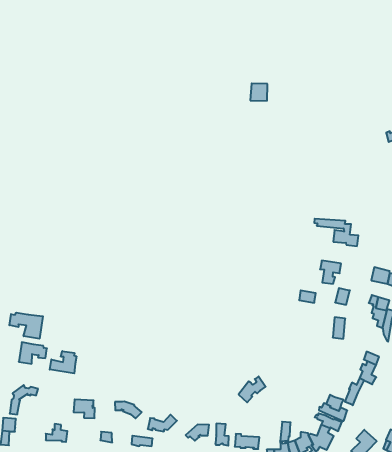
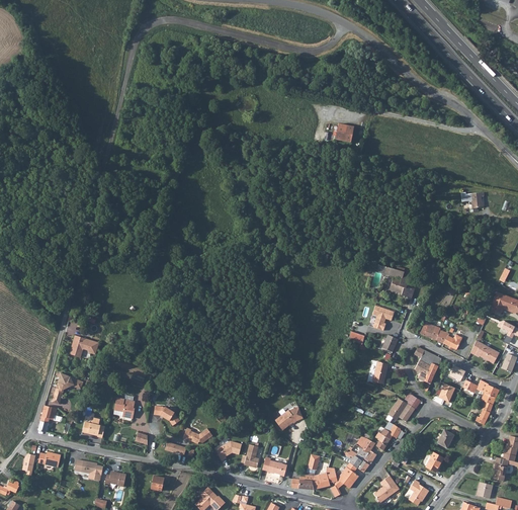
building: [9,313,43,339] -> none
building: [50,351,76,373] -> none

